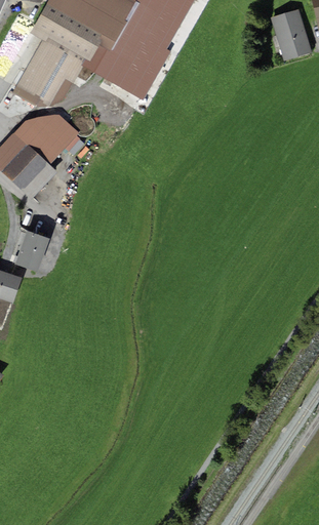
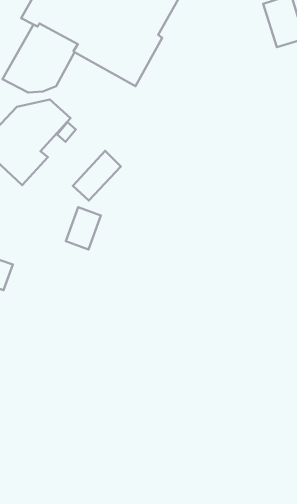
building: none -> [73,151,121,200]
building: [15,230,50,272] -> [66,207,101,250]

